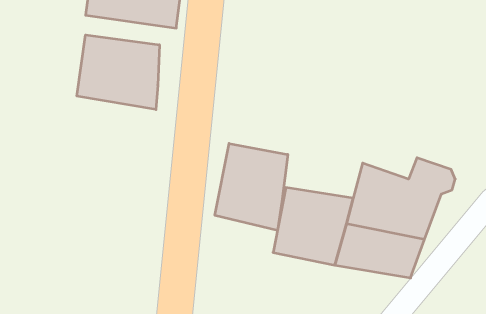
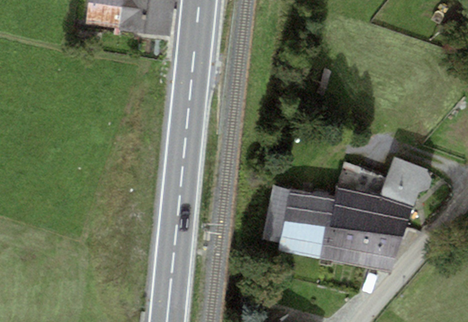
building: [77,35,159,110] -> none
building: [215,143,288,231] -> none

